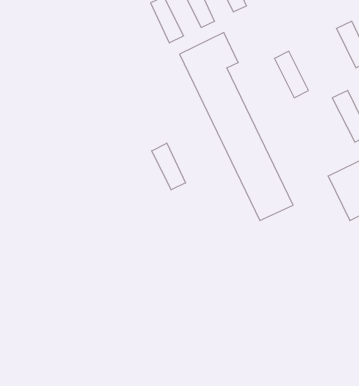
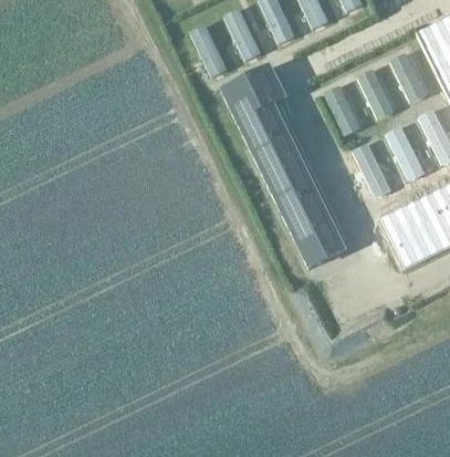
building: none -> [357,69,395,117]
building: none -> [353,143,393,198]
building: [152,143,186,190] -> none

